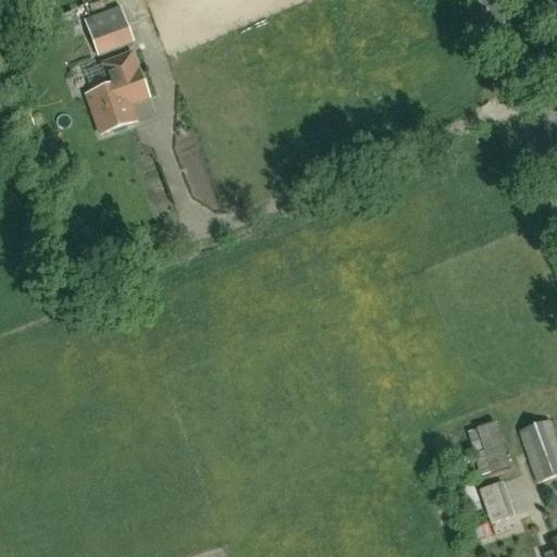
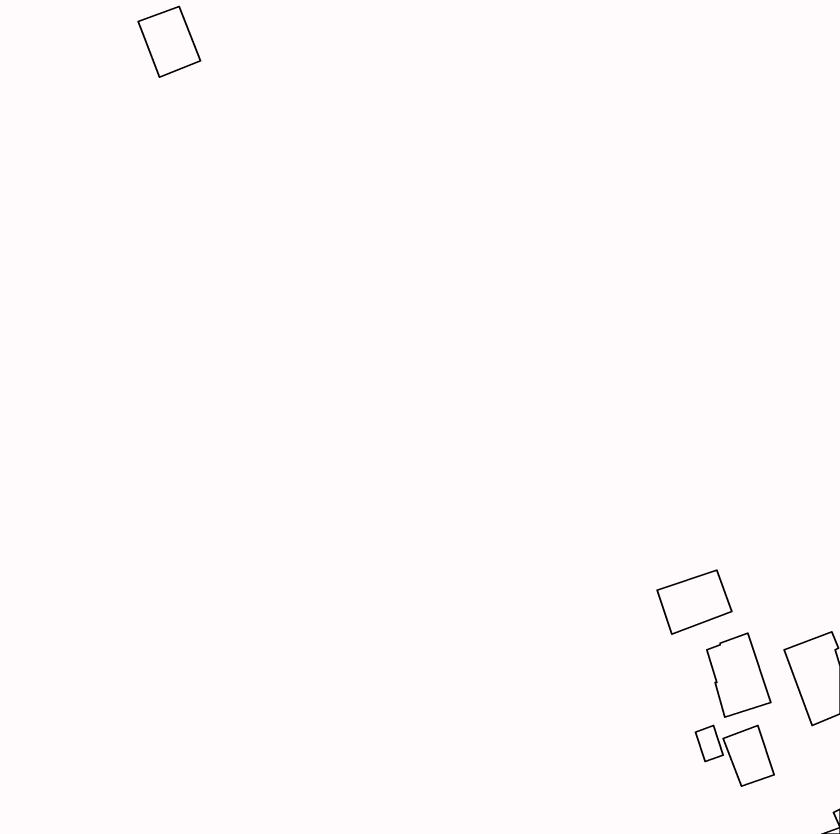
building: [87,51,148,131] -> none
building: none -> [657,570,732,634]

